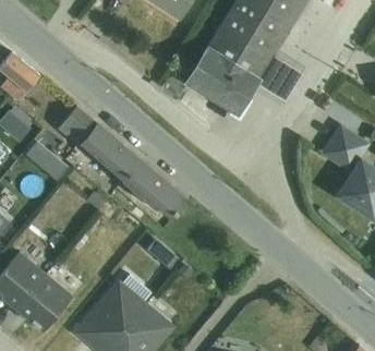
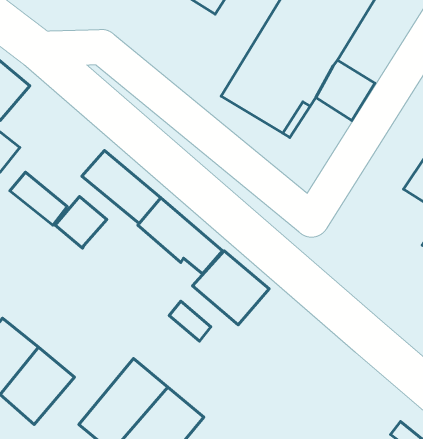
building: [58,106,97,145] -> [55,197,107,248]
building: none -> [193,251,269,325]

